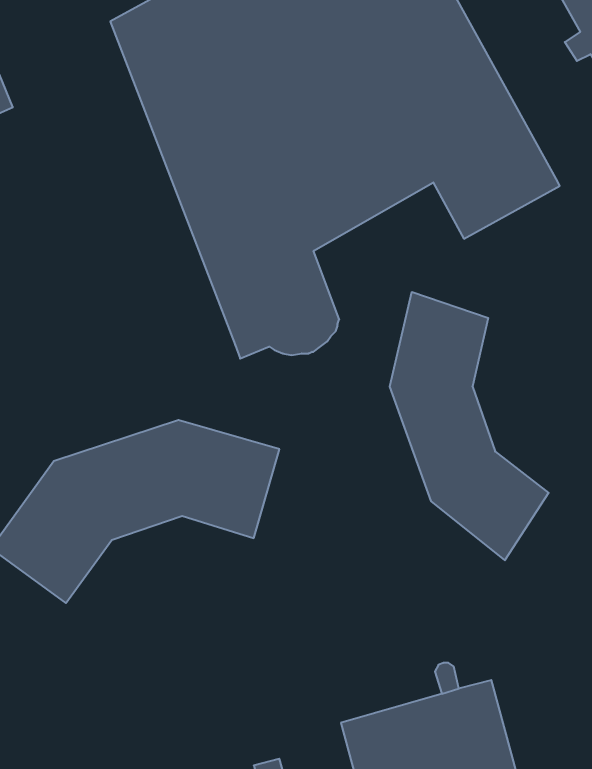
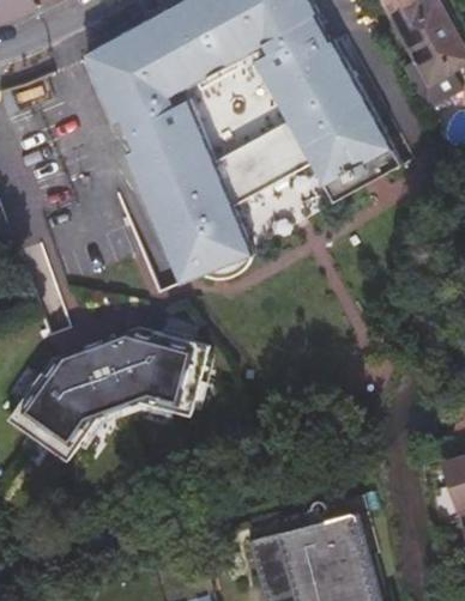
building: [390,292,549,560] -> none

